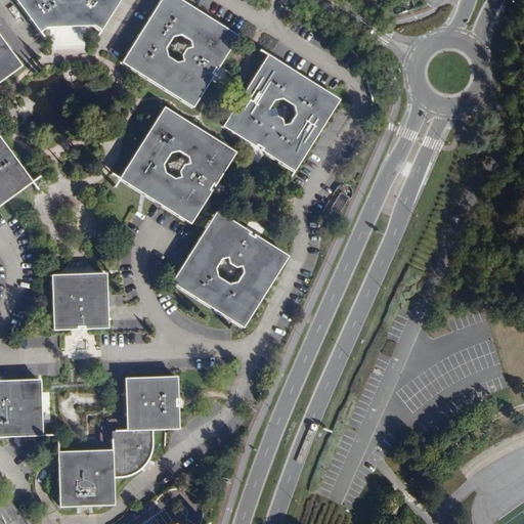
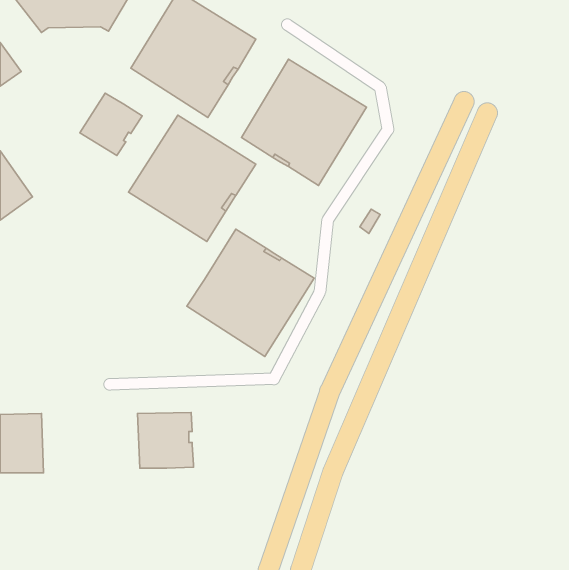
building: none -> [80,93,142,156]
building: [52,272,108,328] -> none
building: [59,429,155,505] -> none

